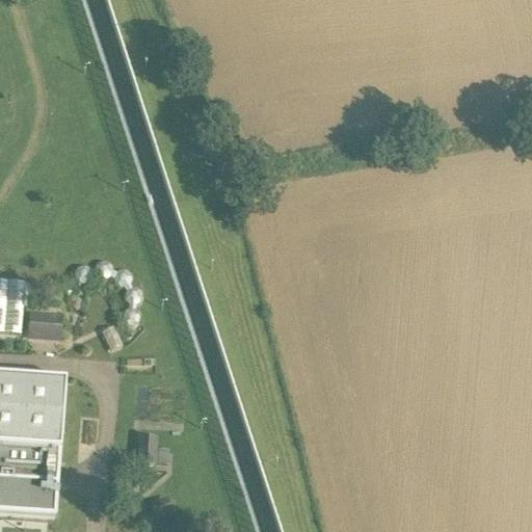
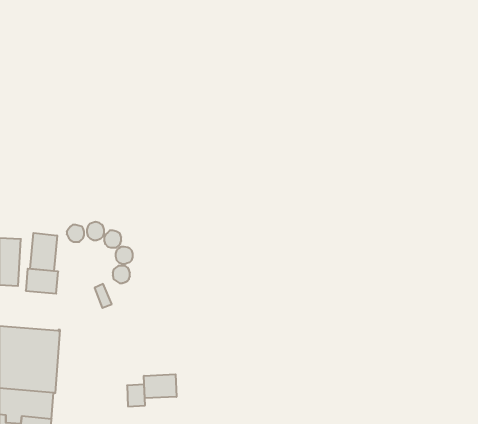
building: none -> [30,233,57,271]
building: none -> [144,374,176,398]

